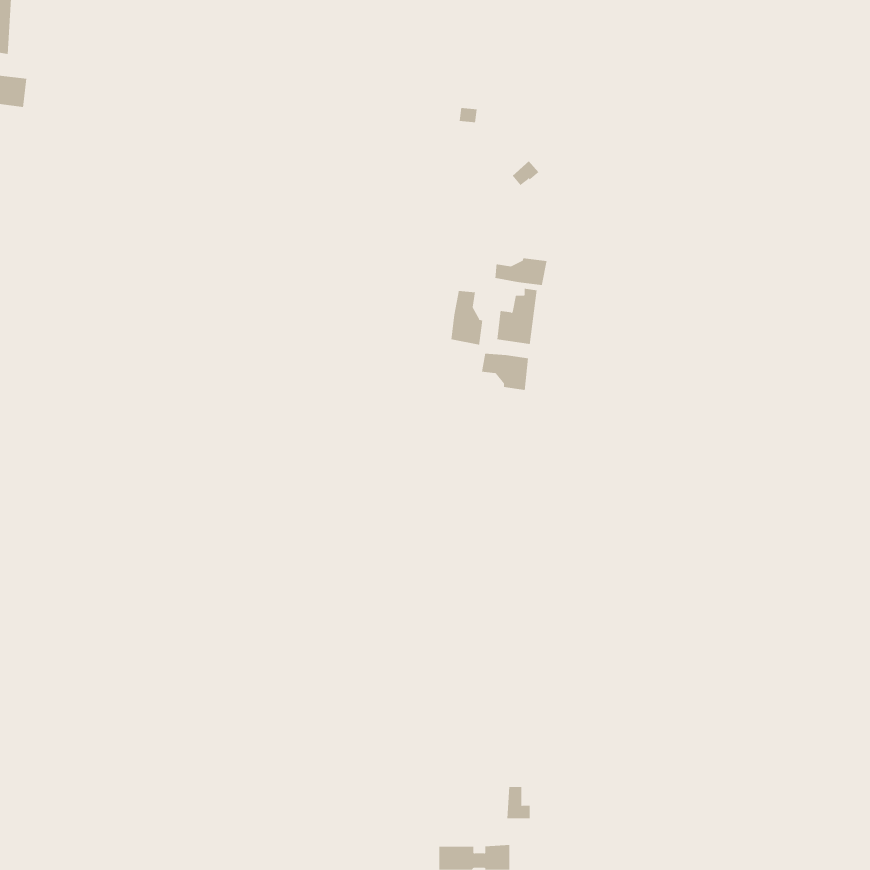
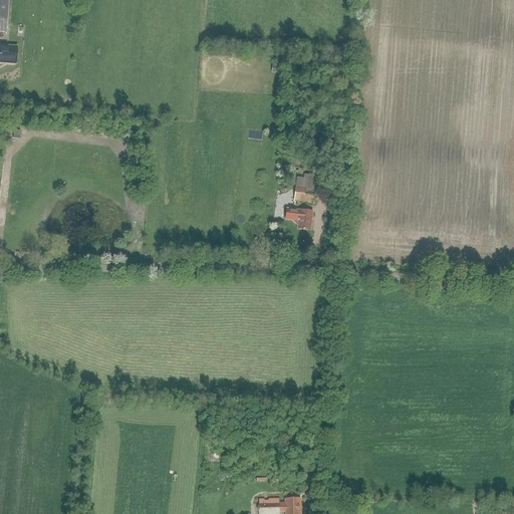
building: [495,258,547,286] -> none
building: [451,290,483,345] -> none

